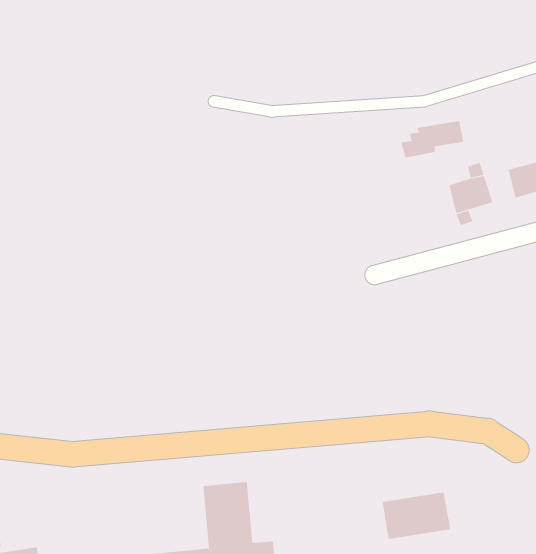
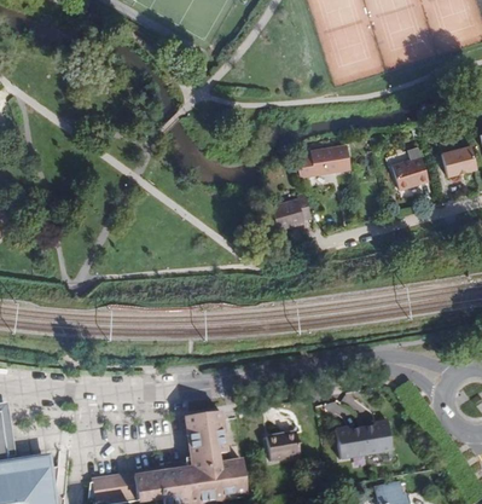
building: [401,121,464,158] -> [296,145,349,176]
building: none -> [269,191,312,230]
building: none -> [266,429,301,460]

